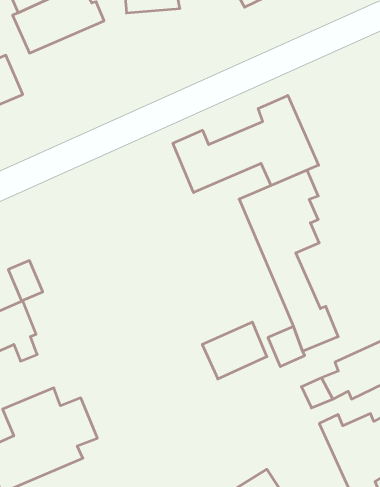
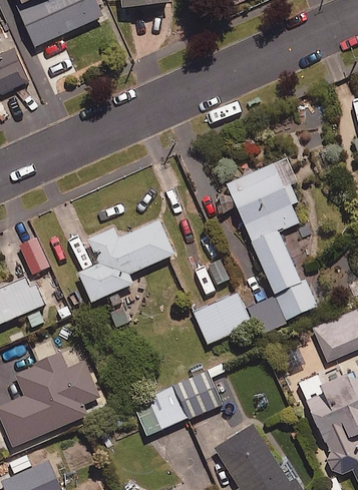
building: [173,95,319,193] -> none
building: none -> [78,220,173,305]
building: none -> [132,364,225,435]

